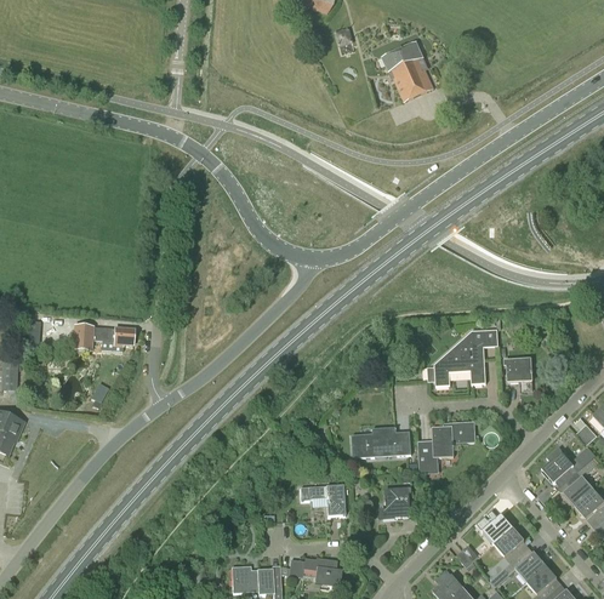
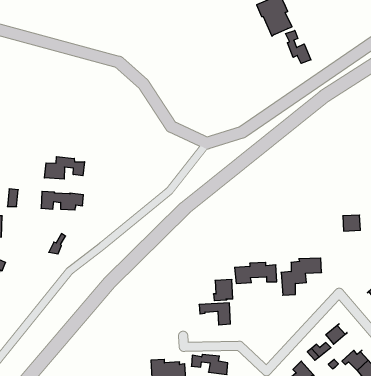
building: none -> [286,30,311,63]
building: none -> [44,157,85,179]
building: [433,329,498,386] -> none
building: [382,487,410,518] -> [213,280,233,301]
building: [492,529,523,567] -> none

